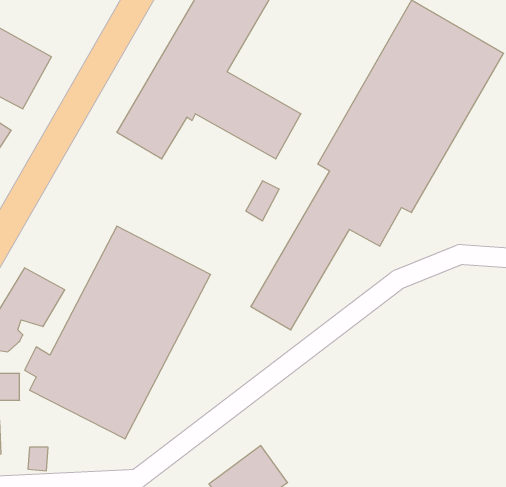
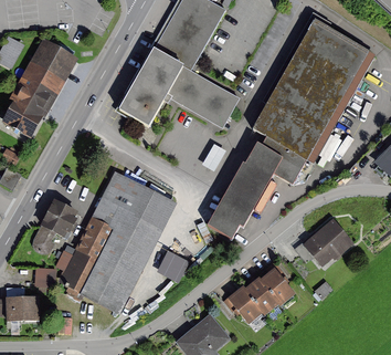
building: none -> [302,217,352,267]
building: none -> [156,247,188,280]
building: none -> [226,270,297,322]

